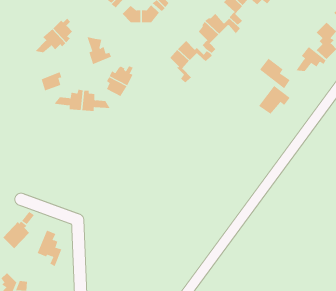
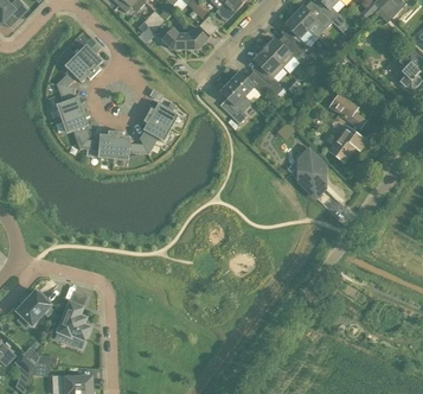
building: [87,36,112,65] -> [56,83,86,117]
building: [295,46,327,72] -> none
building: none -> [284,150,323,196]

